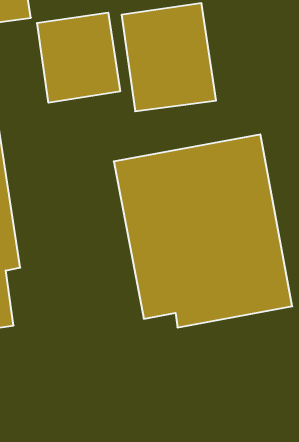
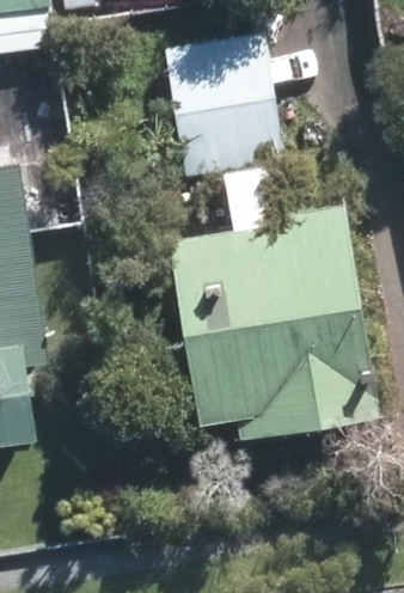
building: [37,13,120,103] -> none

